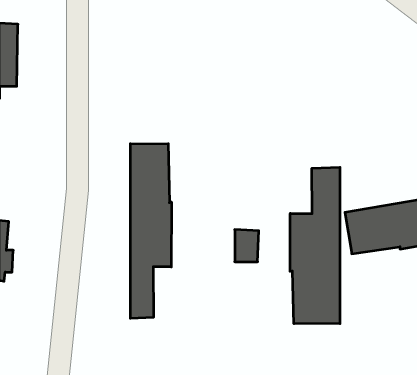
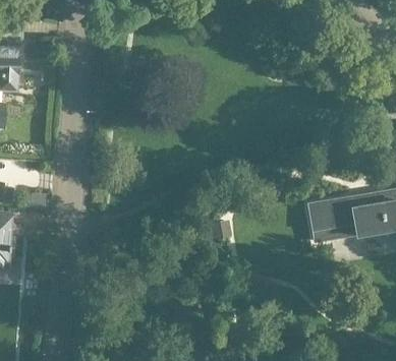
building: [130,144,171,318] -> none
building: [290,167,340,324] -> none

